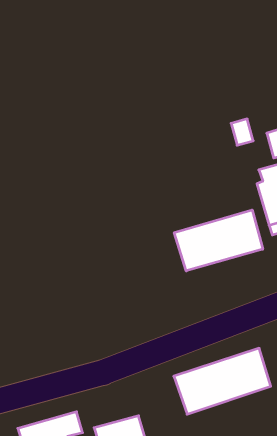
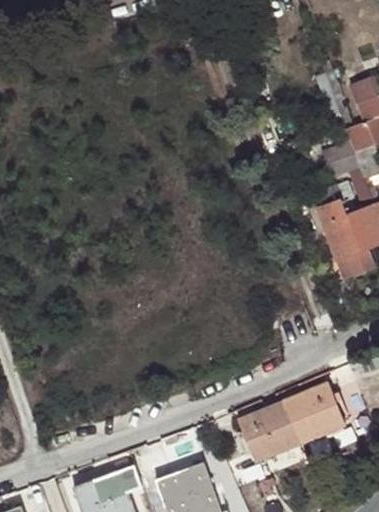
building: [174,210,263,271] -> none

